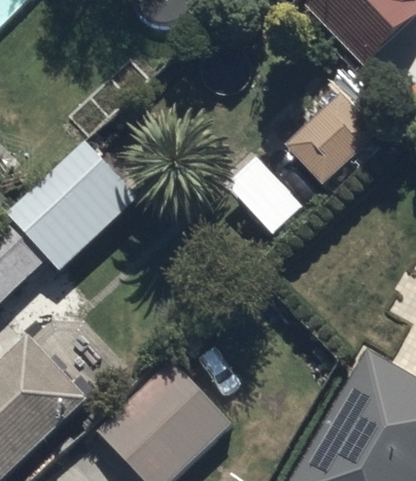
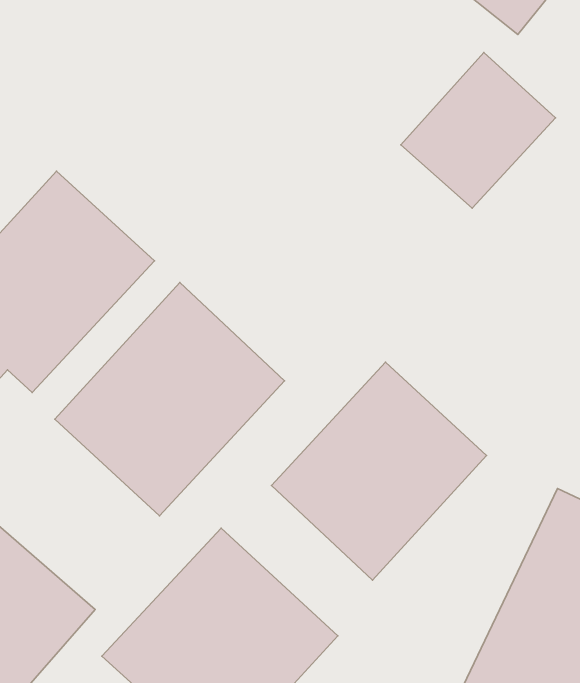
building: none -> [55,282,284,516]
building: none -> [271,362,487,580]

